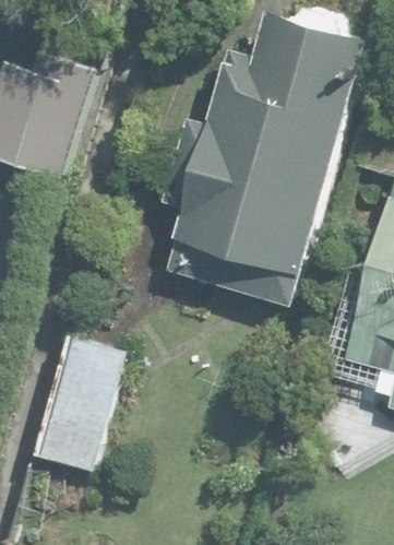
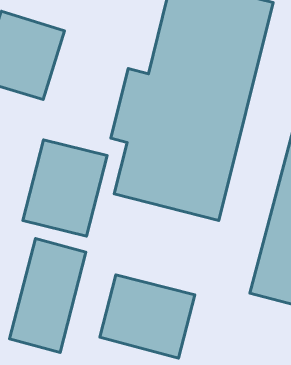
building: none -> [23,140,107,236]
building: none -> [100,275,195,358]

